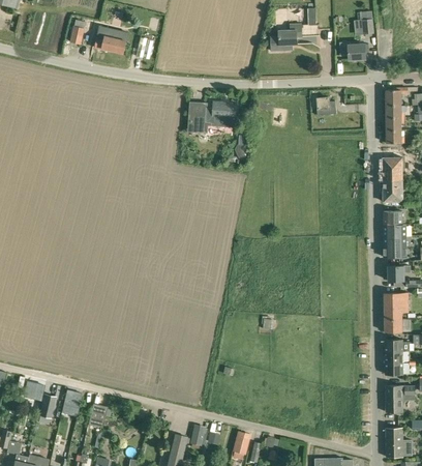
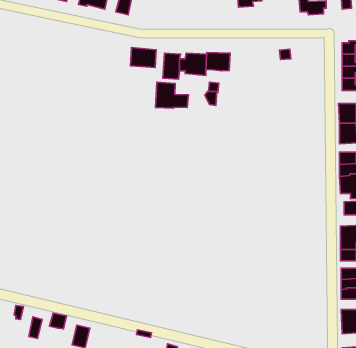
building: none -> [131,47,156,67]
building: none -> [206,53,230,71]
building: none -> [155,82,188,108]

